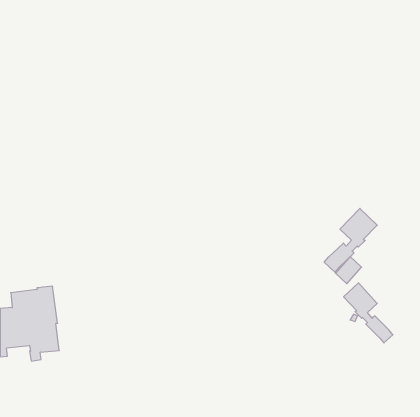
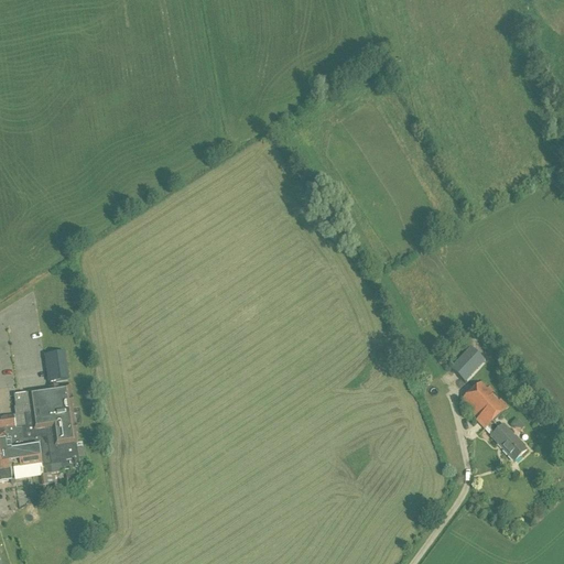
building: [324,208,377,272] -> none
building: none -> [46,349,67,386]

